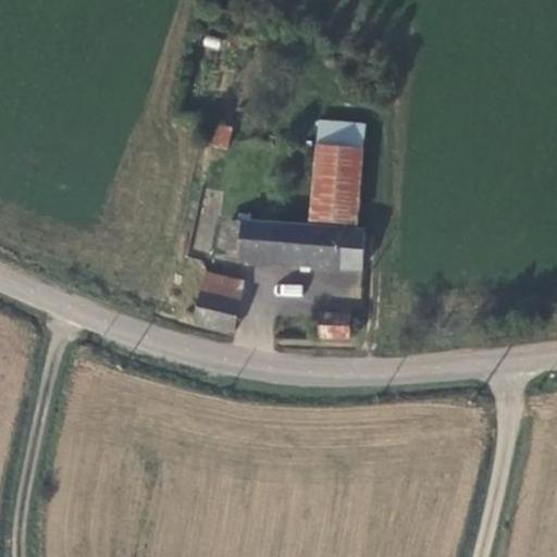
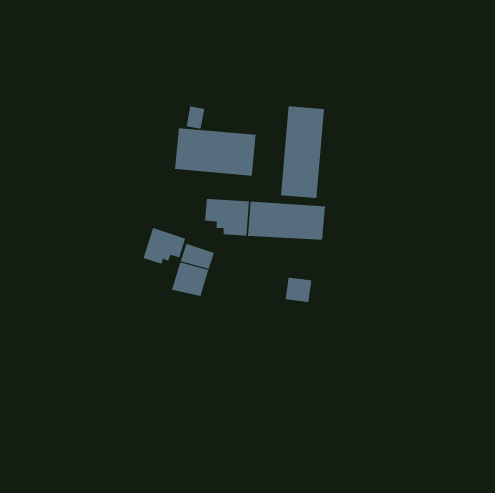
building: none -> [174,127,256,176]
building: none -> [143,227,186,264]

